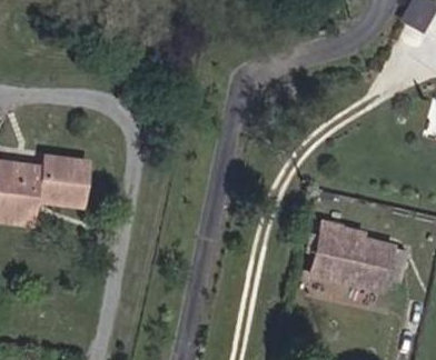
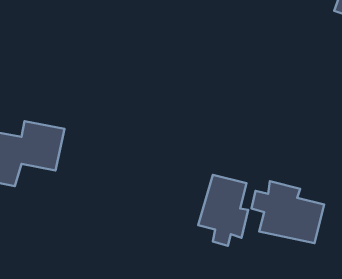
building: none -> [198,175,248,246]

